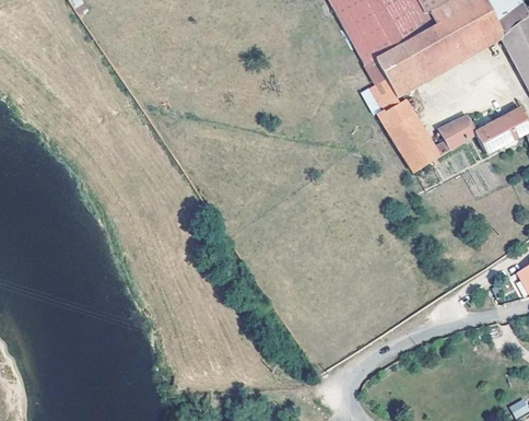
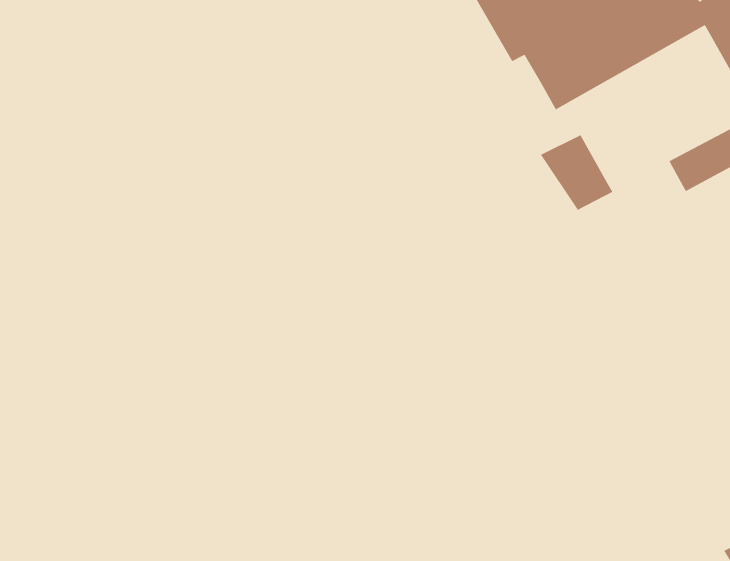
building: [368,78,414,128] -> none
building: [434,116,477,154] -> none

